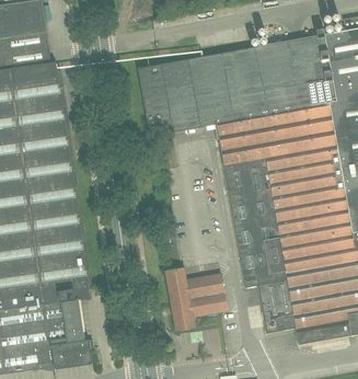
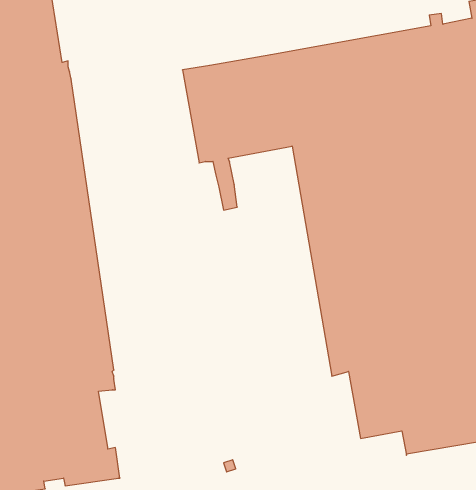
building: [165,267,228,331] -> none

